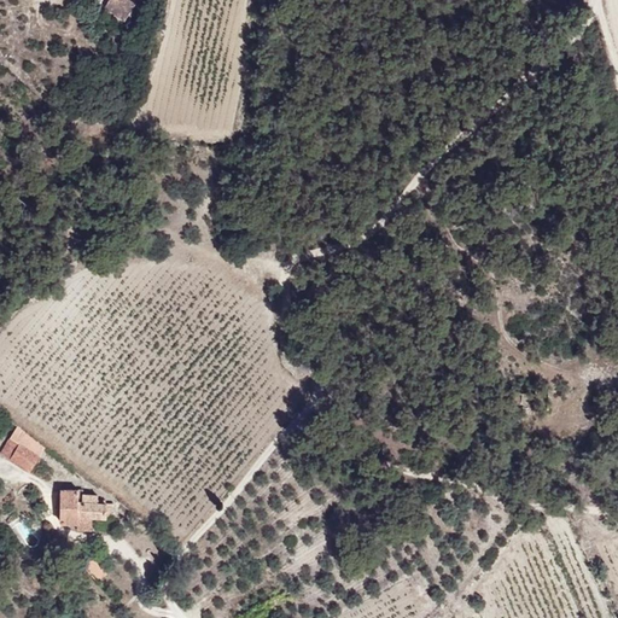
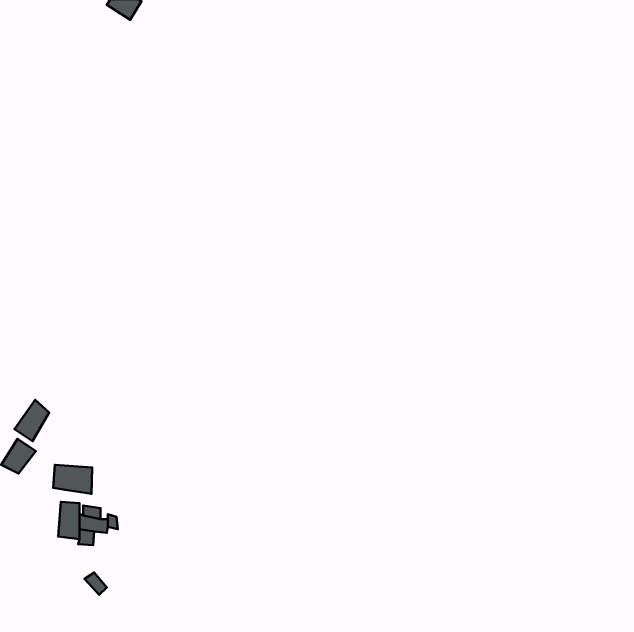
building: none -> [15,400,49,441]
building: none -> [53,465,92,494]

